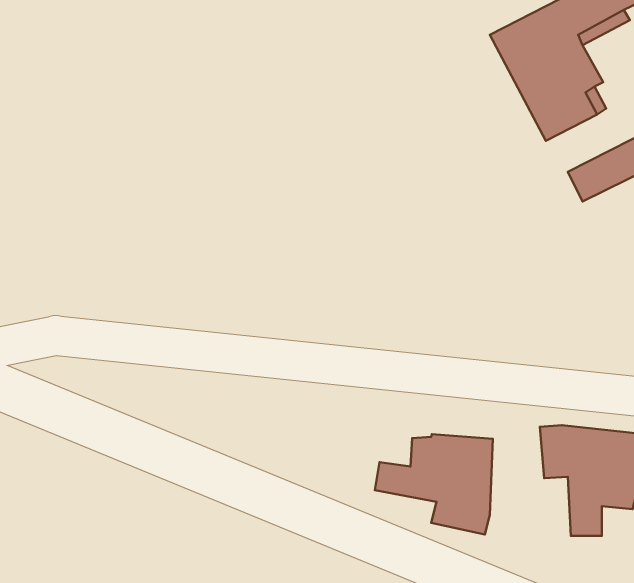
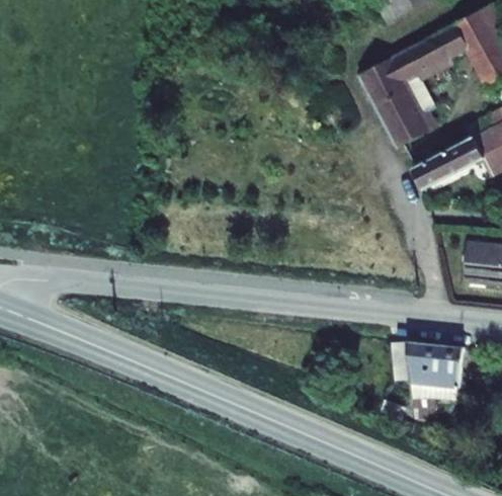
building: [375,434,493,535] -> none

